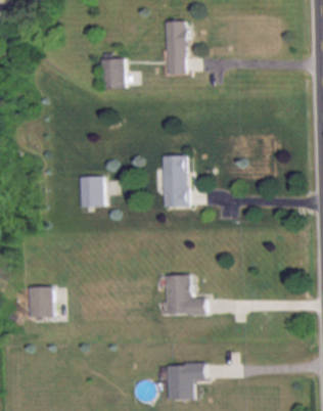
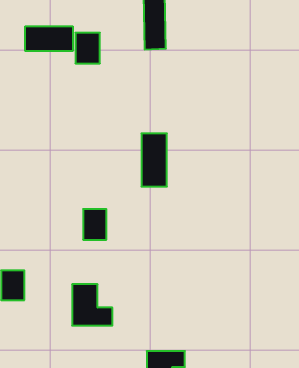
building: none -> [25,26,73,51]
building: [80,177,102,207] -> [83,209,106,240]
building: [167,275,205,315] -> [72,284,112,326]

